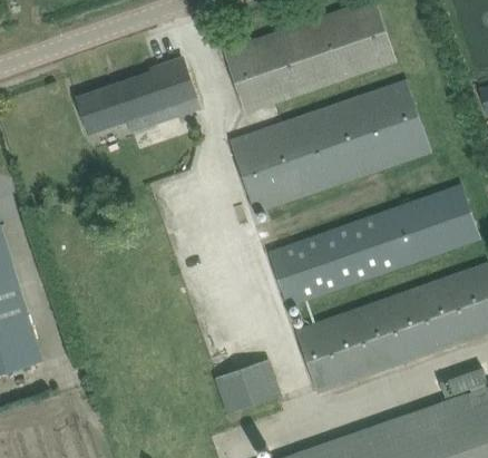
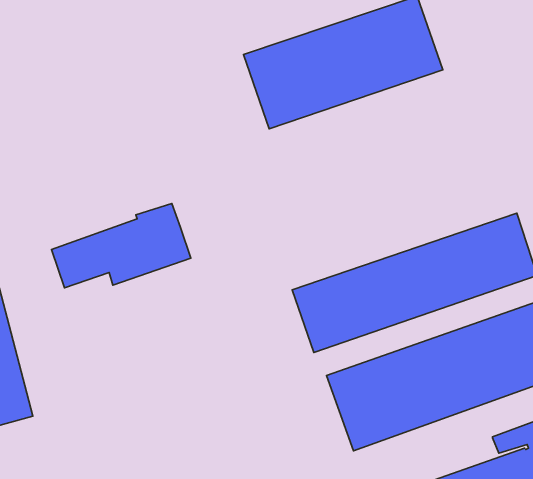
building: [78,59,199,133] -> [52,203,191,288]
building: [227,79,431,214] -> none
building: [216,359,281,413] -> none

